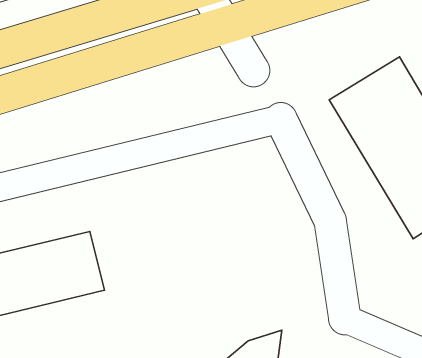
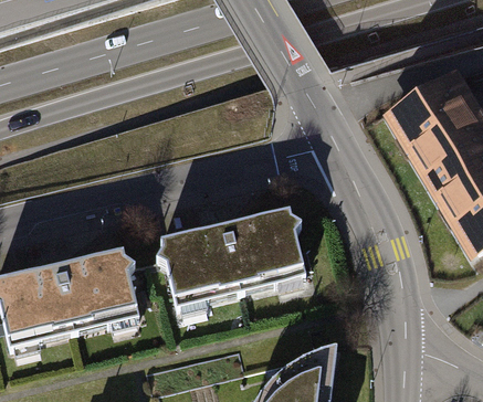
building: none -> [158,207,303,300]

